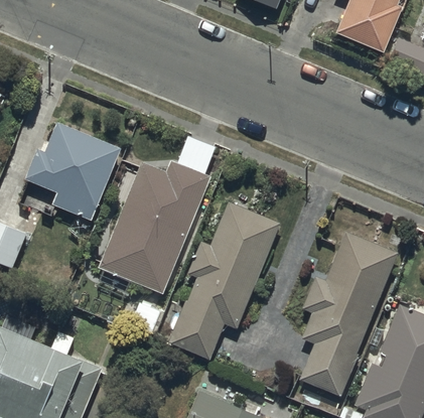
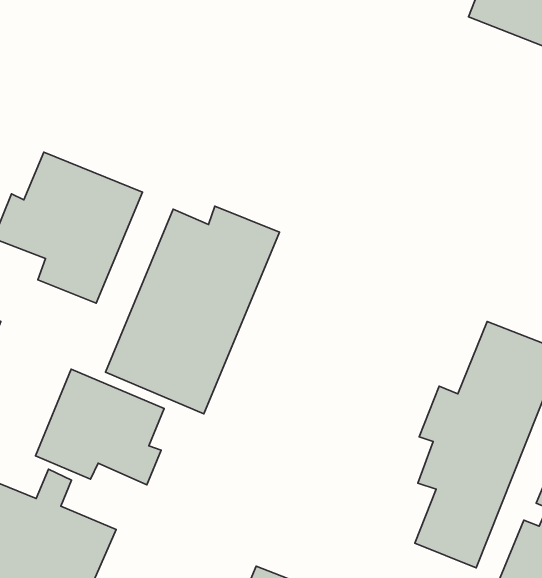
building: [168,202,280,361] -> none
building: none -> [36,369,164,485]

